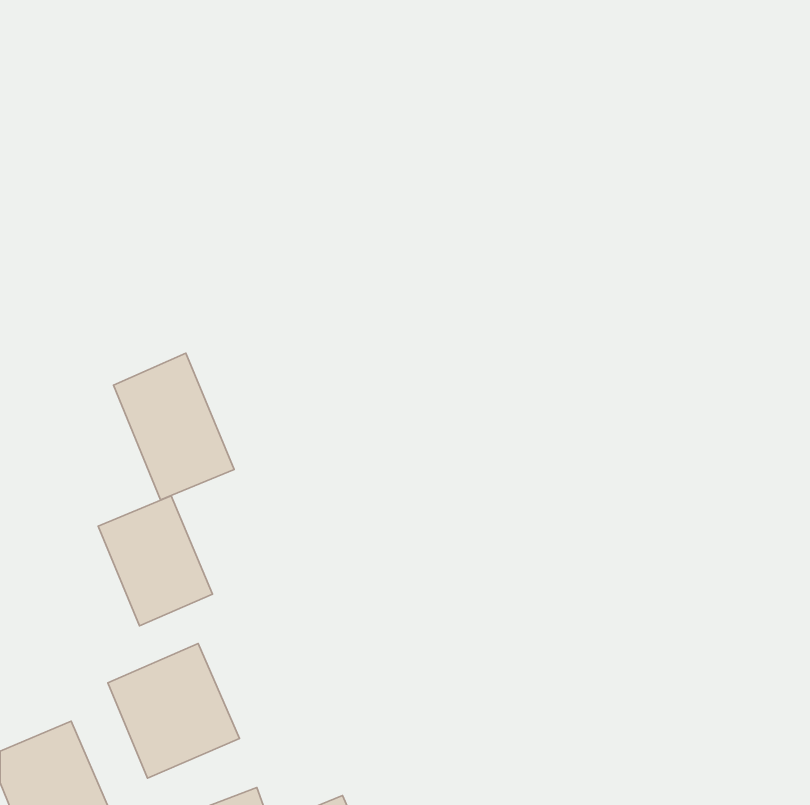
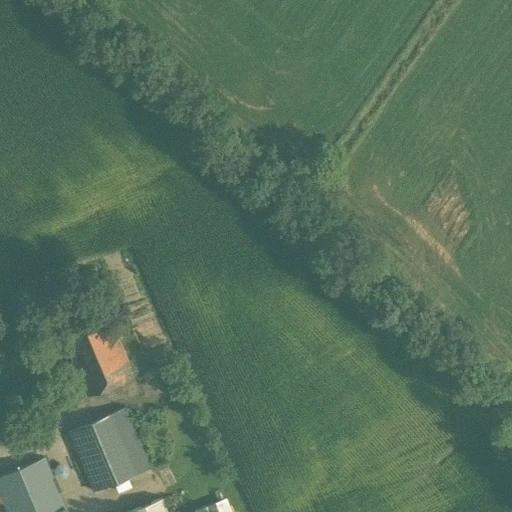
building: [113,353,234,500] -> none

